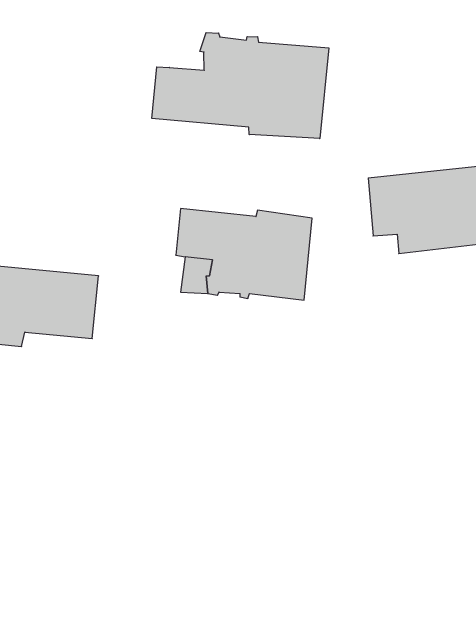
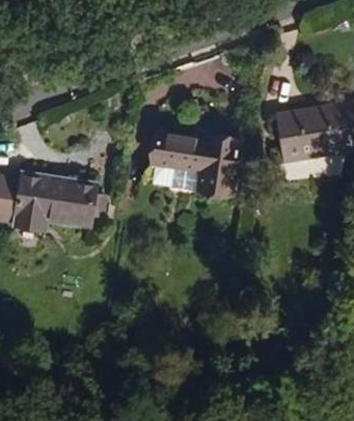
building: [152,33,329,139] -> none

